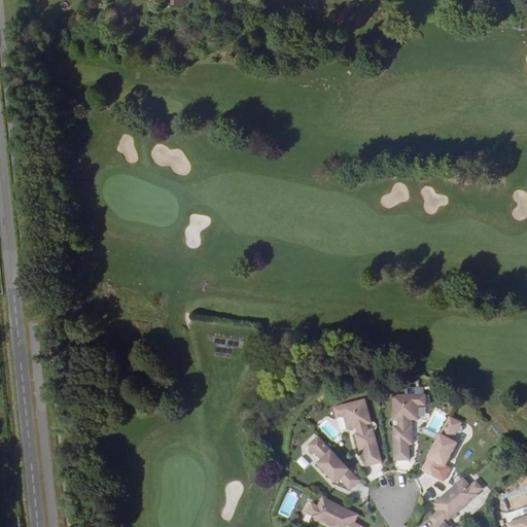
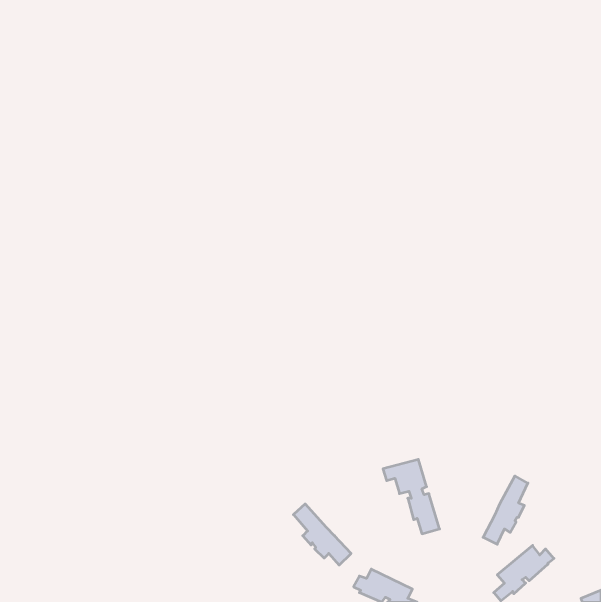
building: [393,398,426,462] -> none
building: [309,435,359,489] -> [293,504,351,565]

